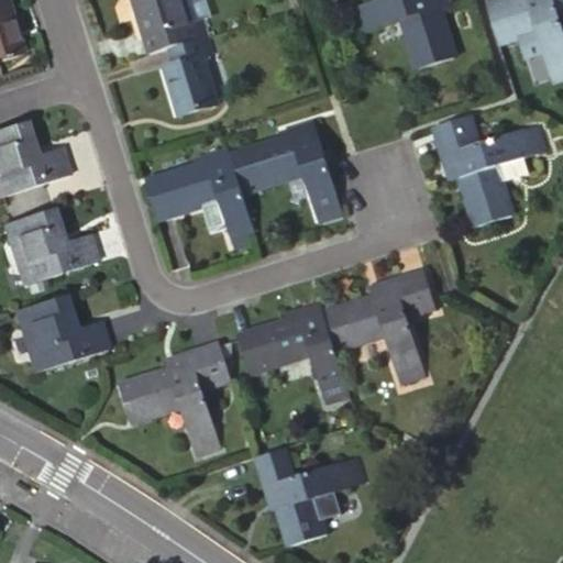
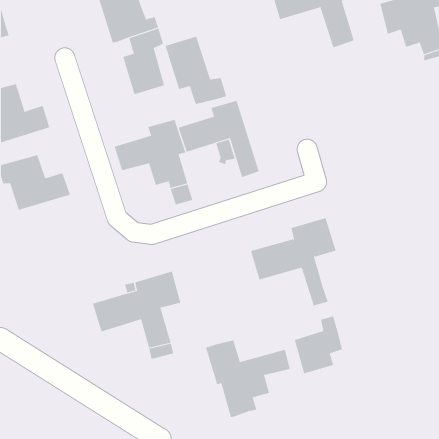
building: none -> [165,36,227,105]
building: [430,114,548,225] -> none
building: [12,285,103,358] -> none
building: [235,308,346,411] -> none
building: none -> [294,316,343,374]

